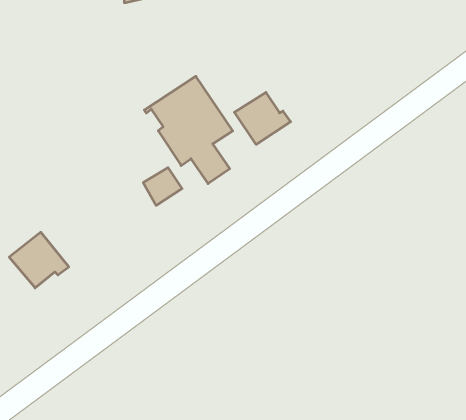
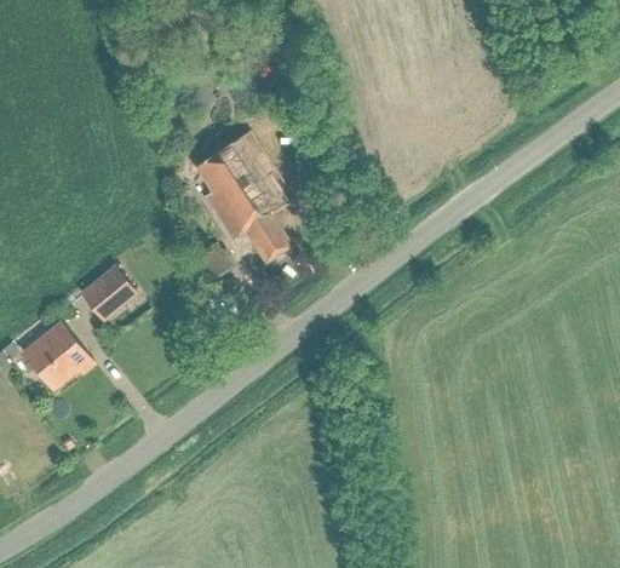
building: [234,92,291,144] -> none
building: none -> [82,266,134,309]

